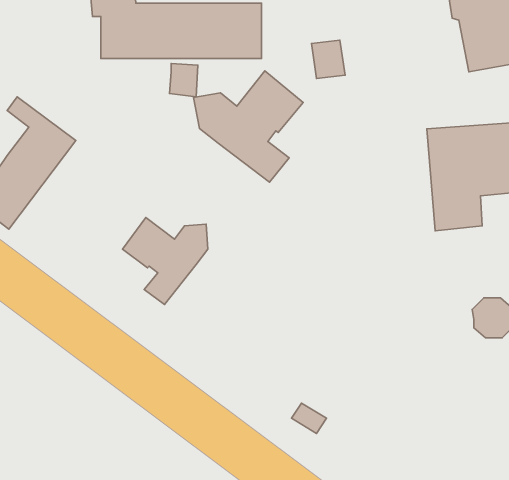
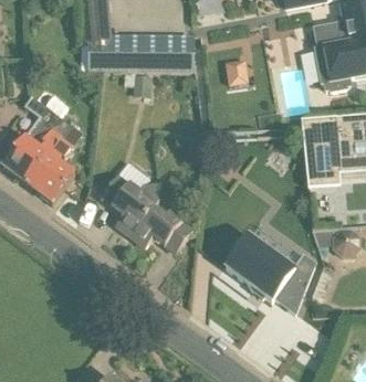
building: [194,71,303,182] -> none
building: none -> [25,120,86,203]
building: none -> [128,208,191,253]
building: none -> [224,221,311,312]

